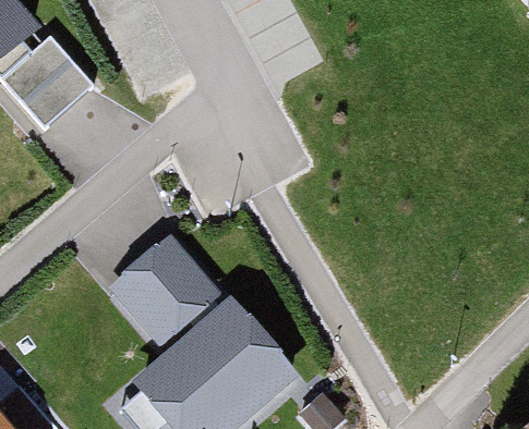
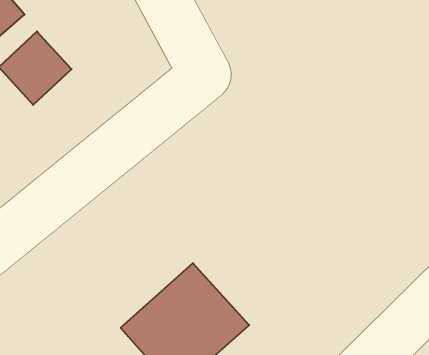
building: [113,238,217,341] -> none

